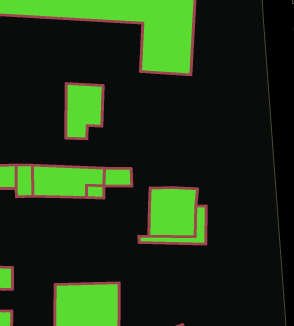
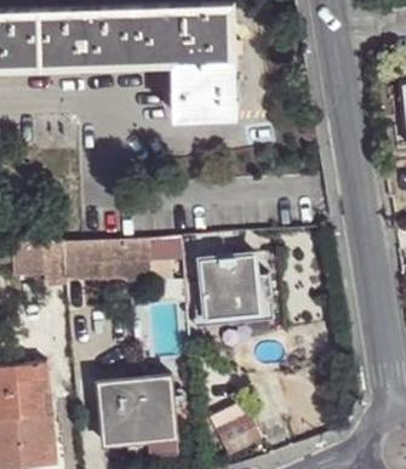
building: [66,84,103,139] -> none

